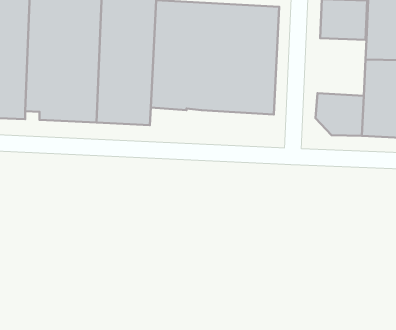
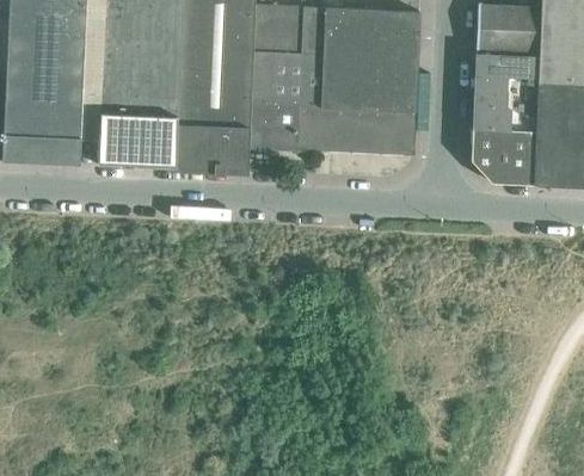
building: none -> [474,52,540,130]

